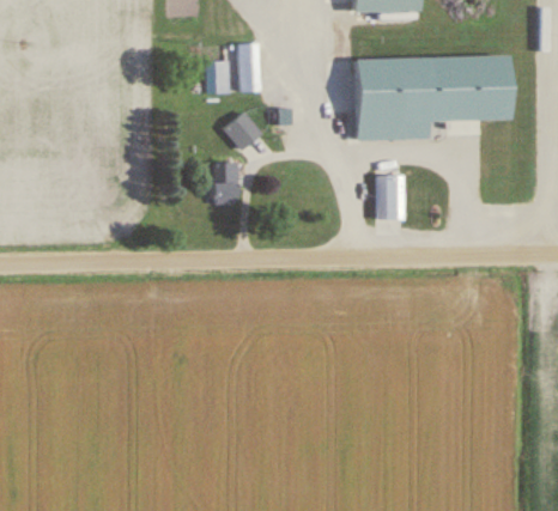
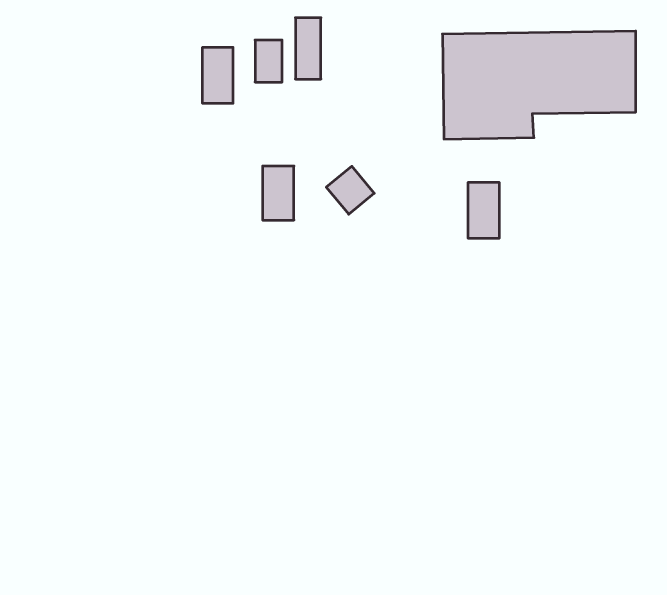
building: none -> [203,47,233,103]
building: [223,112,261,151] -> [326,166,374,214]

